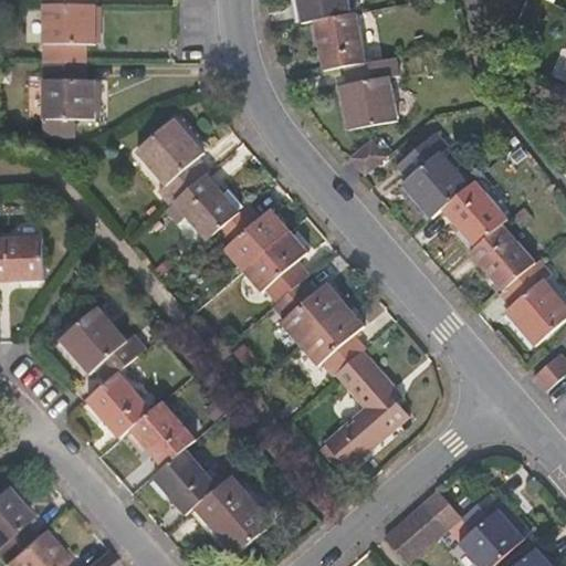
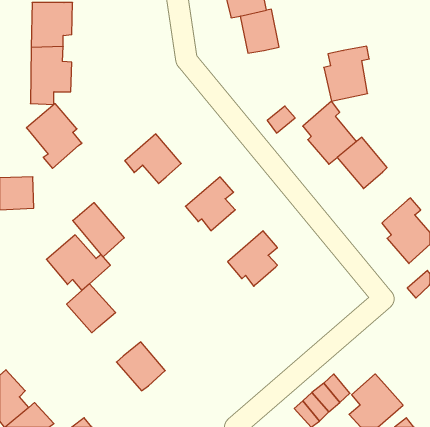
building: [340,56,400,128] -> [324,46,369,101]
building: [136,120,209,206] -> [26,104,82,168]
building: [218,207,289,271] -> none
building: [471,226,534,290] -> none
building: none -> [73,203,124,257]
building: [273,280,345,344] -> none
building: [324,350,407,469] -> none
building: [129,402,195,468] -> none
building: [195,475,271,553] -> none

